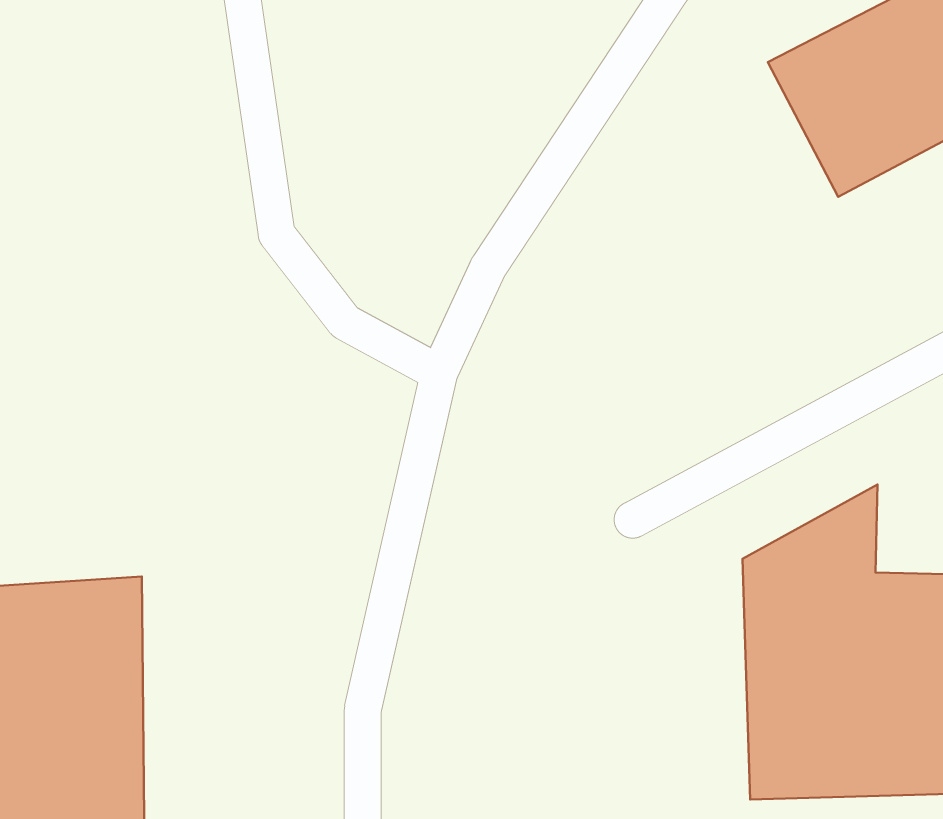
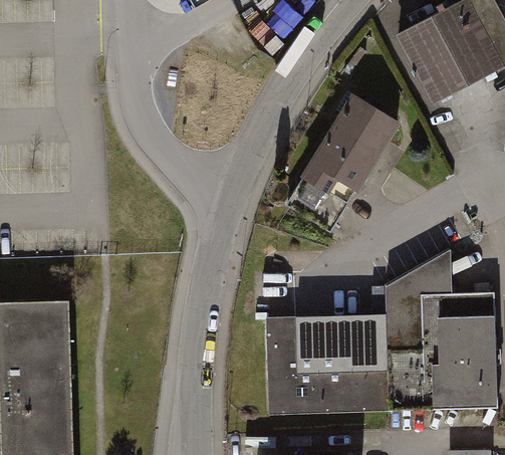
building: none -> [295,92,401,201]
building: none -> [264,316,387,417]

